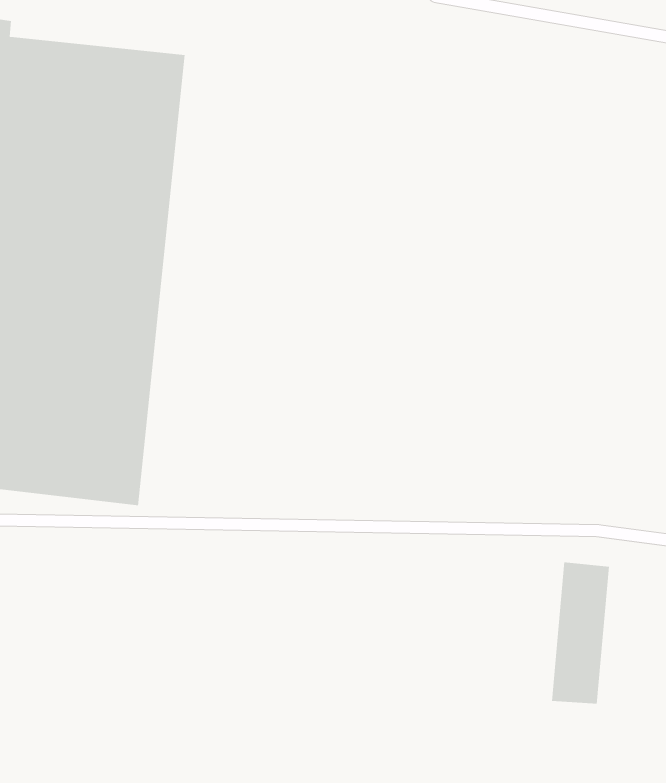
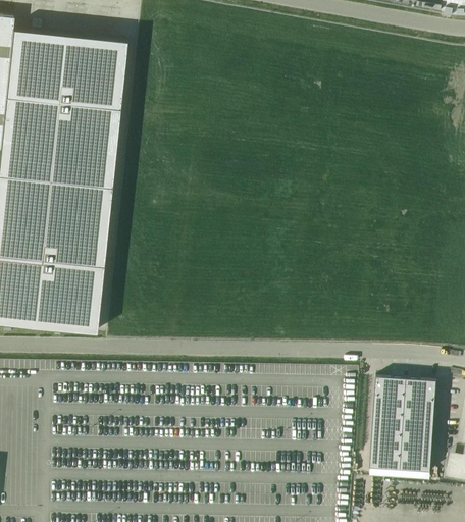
building: none -> [399,378,437,472]

